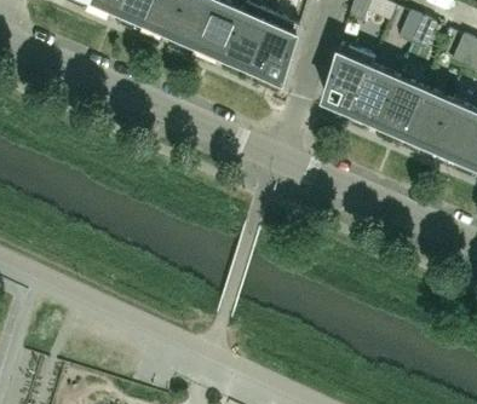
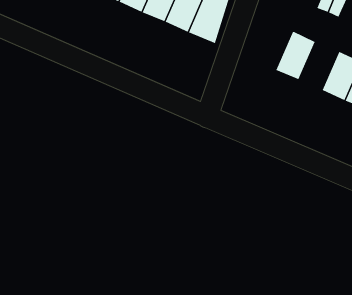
building: [322,45,373,112] -> none
building: [377,80,423,135] -> none

